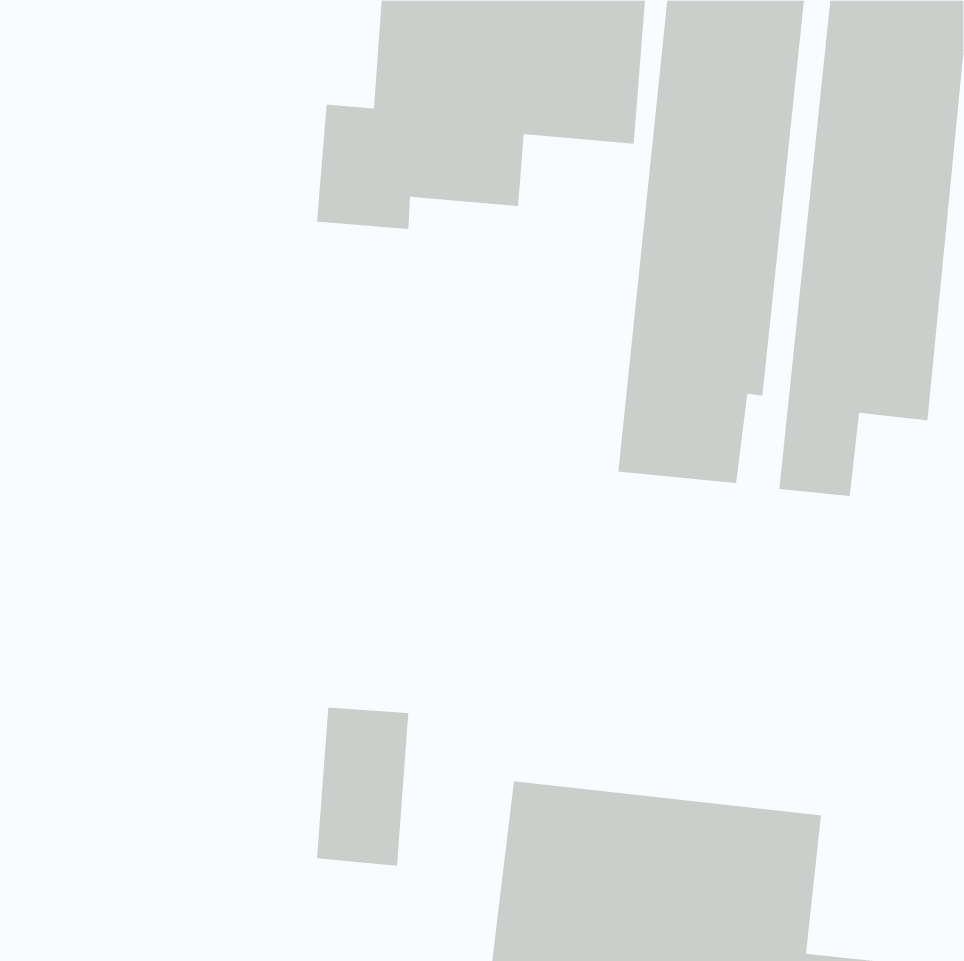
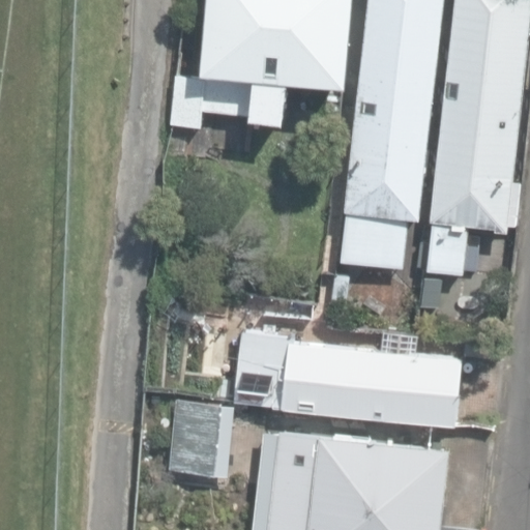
building: none -> [234,330,463,425]

